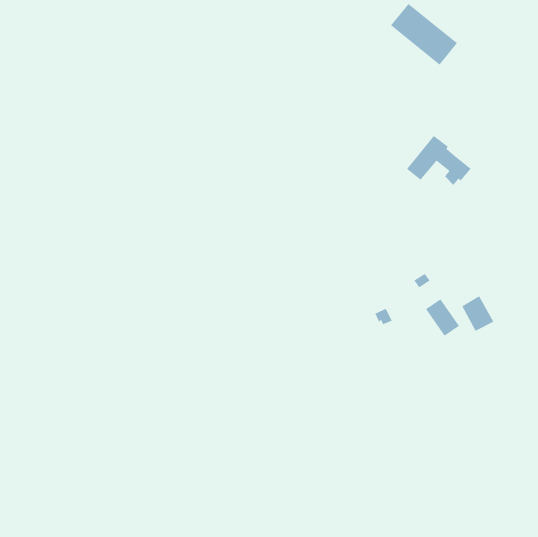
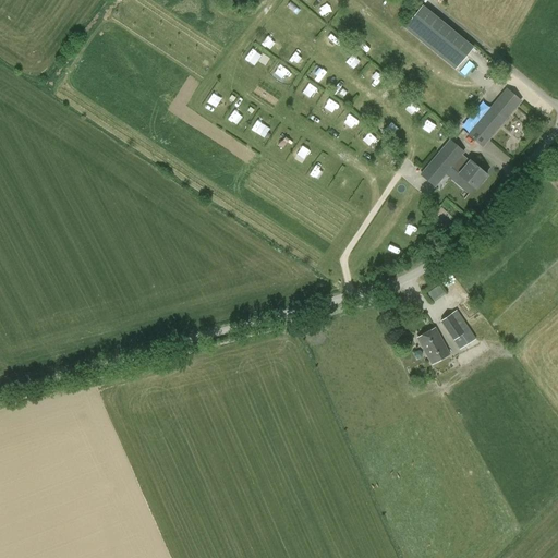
building: none -> [469,87,521,145]
building: [461,295,494,331] -> [417,326,451,363]

